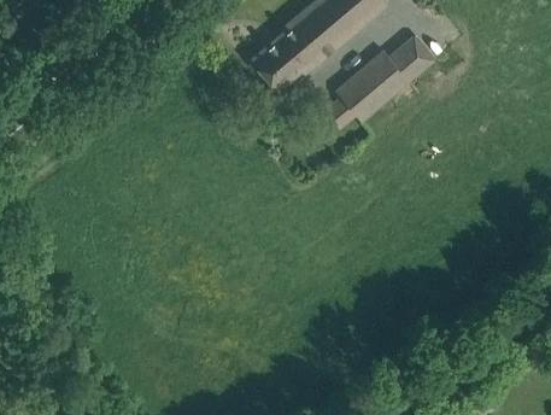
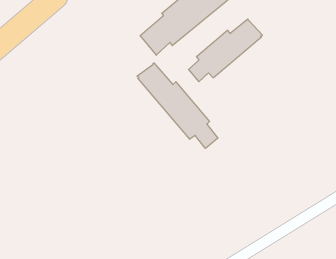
building: none -> [137,63,218,148]

